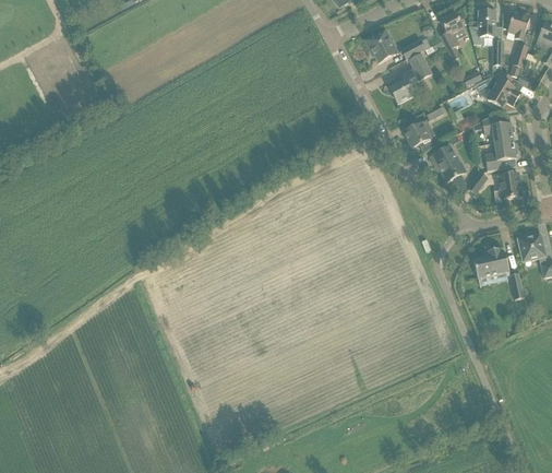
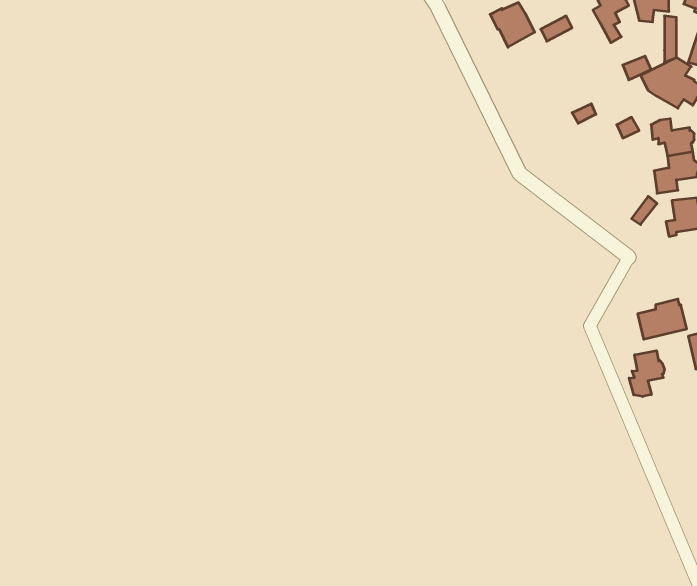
building: [389,52,431,103] -> none
building: [404,119,439,151] -> none
building: [430,145,464,180] -> none
building: none -> [629,351,664,397]

